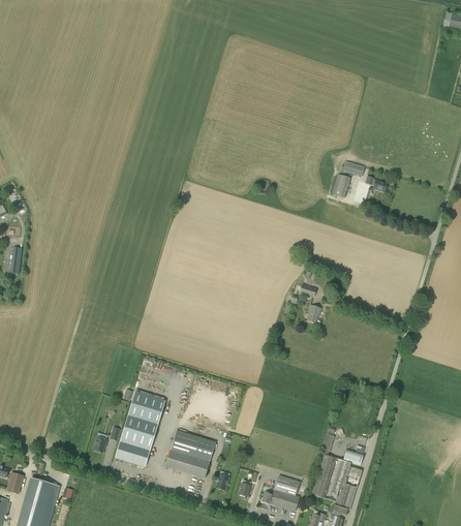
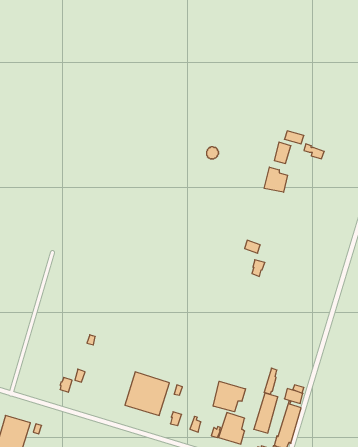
building: none -> [264,167,288,192]
building: [116,390,165,465] -> none
building: none -> [213,381,246,412]

